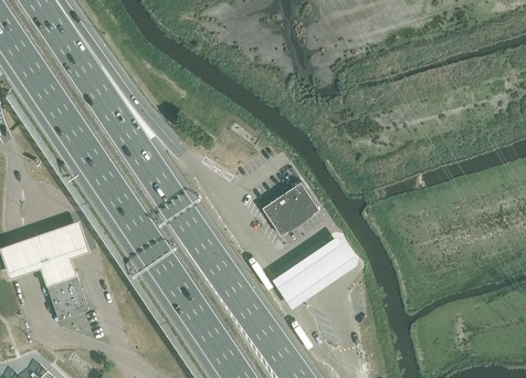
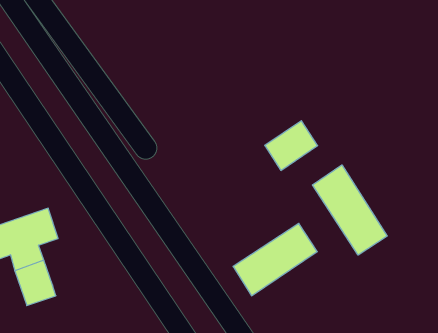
building: none -> [312,165,387,255]
building: [263,183,317,234] -> [265,121,318,170]

